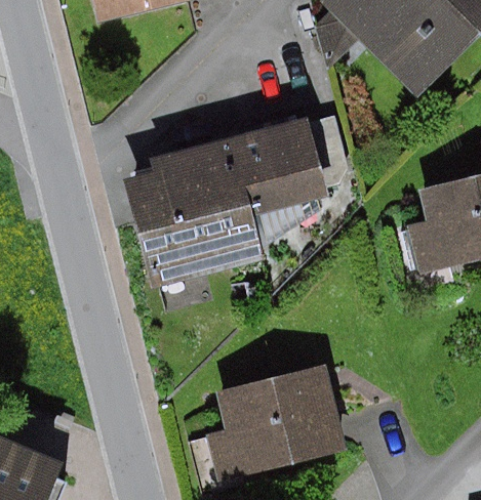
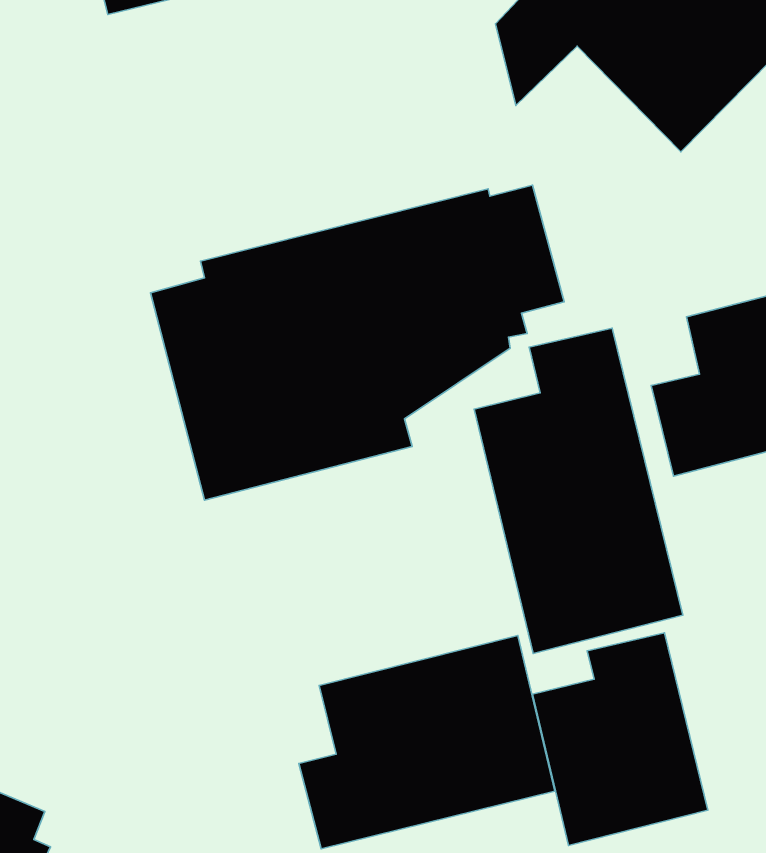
building: none -> [474,328,683,653]
building: none -> [532,633,708,845]

